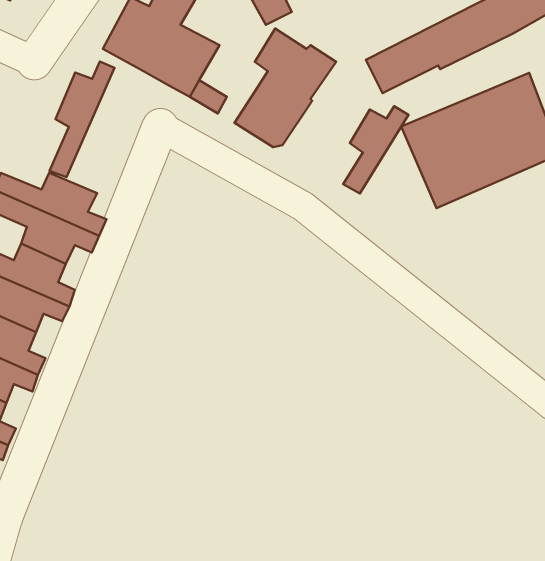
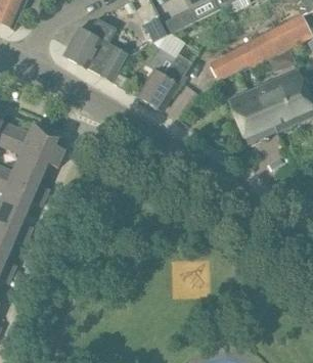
building: [49,61,115,177] -> none
building: [343,106,408,194] -> none

